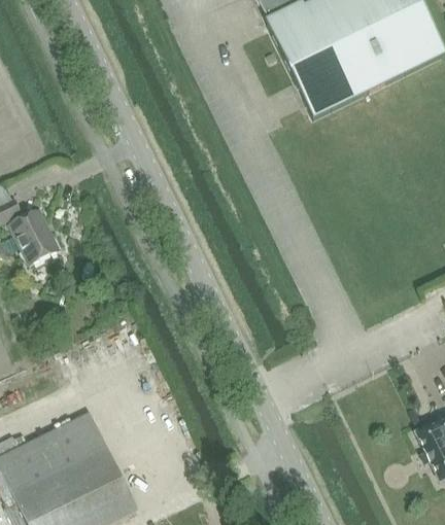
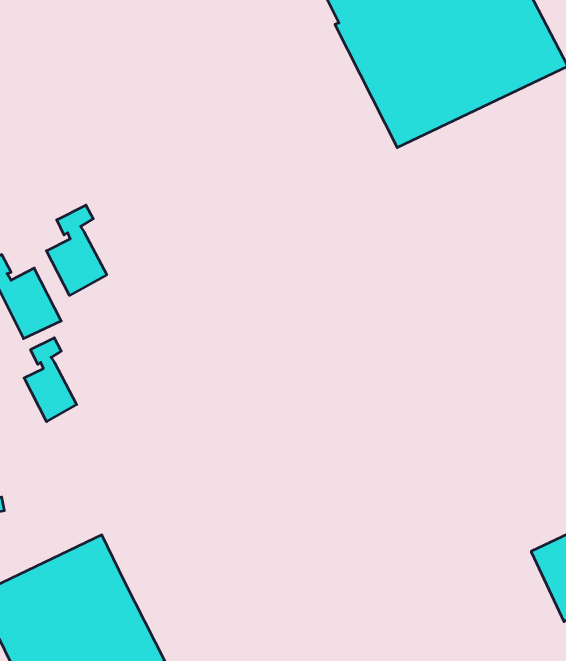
building: none -> [46,205,107,295]
building: none -> [24,338,77,422]

